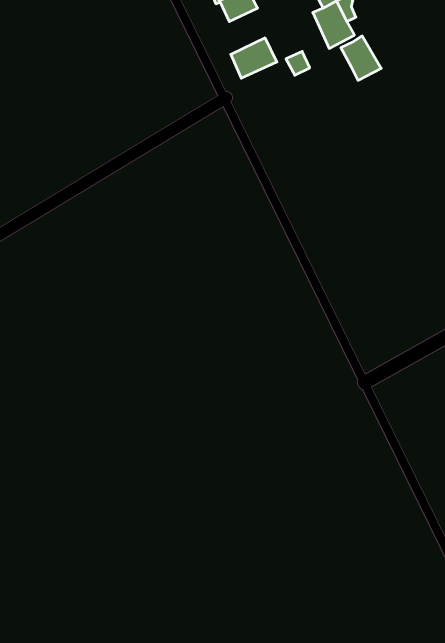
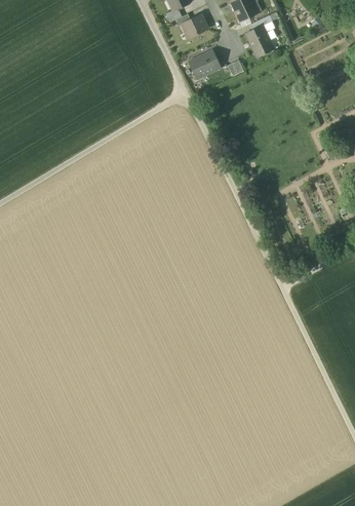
building: [341,36,381,80] -> none

